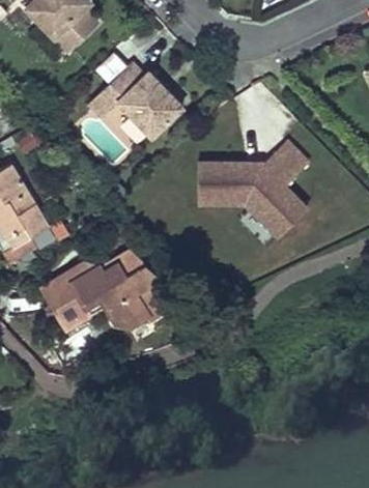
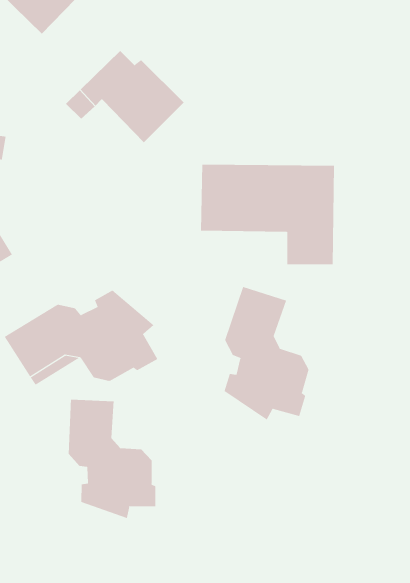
building: none -> [224,286,309,421]
building: none -> [68,399,156,519]

